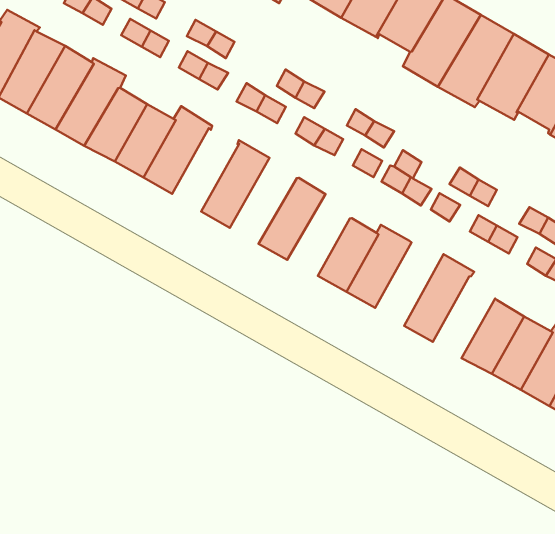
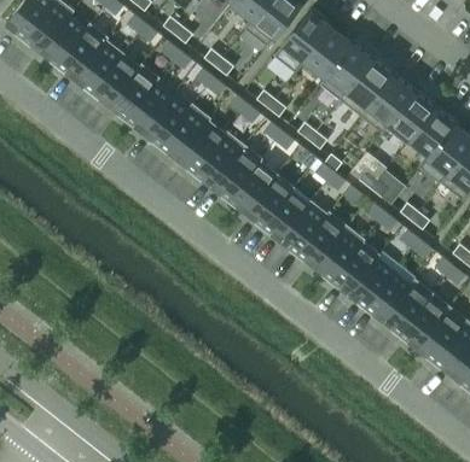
building: none -> [178,121,226,174]
building: none -> [211,146,262,200]
building: none -> [245,175,295,227]
building: none -> [297,212,347,268]
building: none -> [331,242,381,294]

